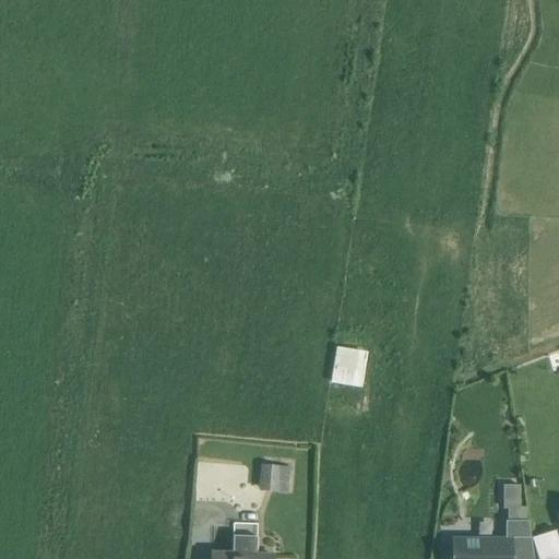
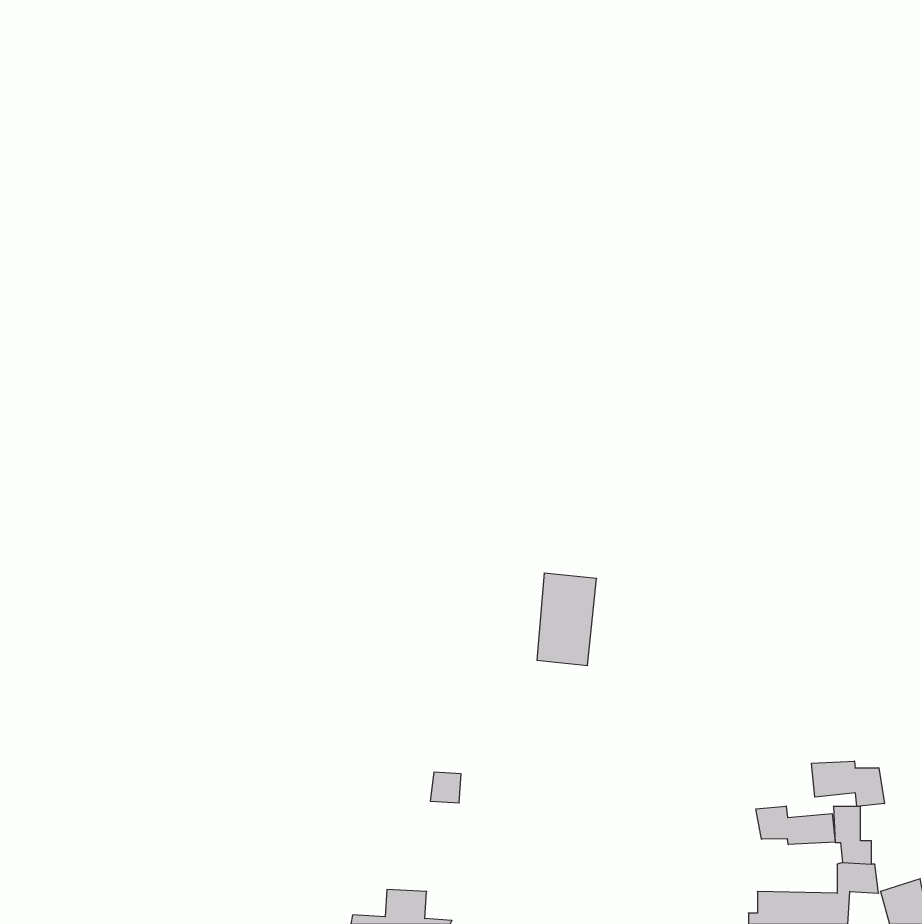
building: none -> [812,761,884,806]
building: none -> [756,806,835,845]

